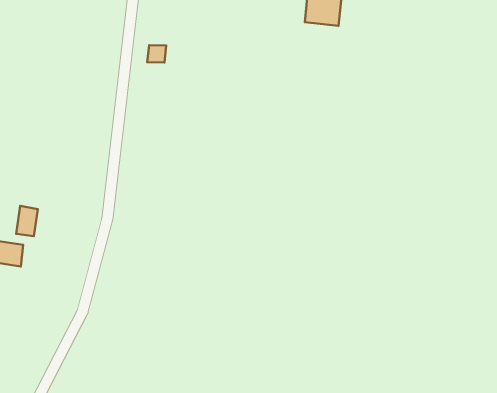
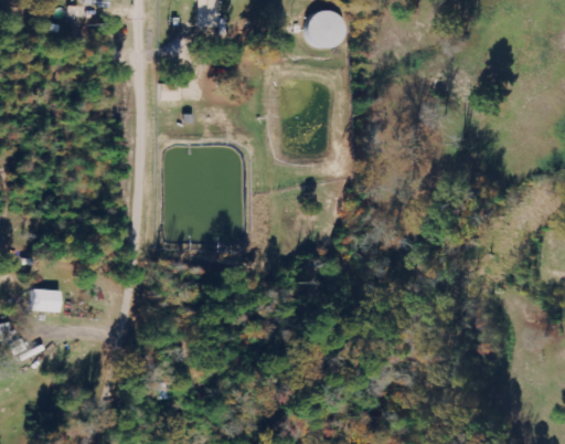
building: [16,206,38,236] -> none

